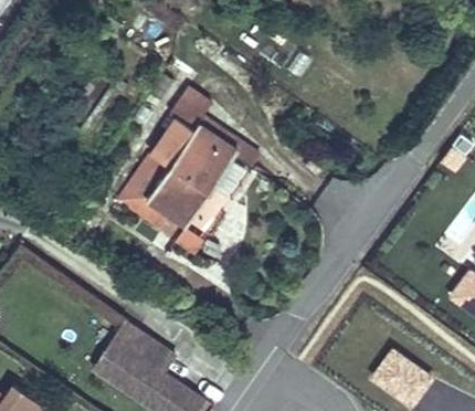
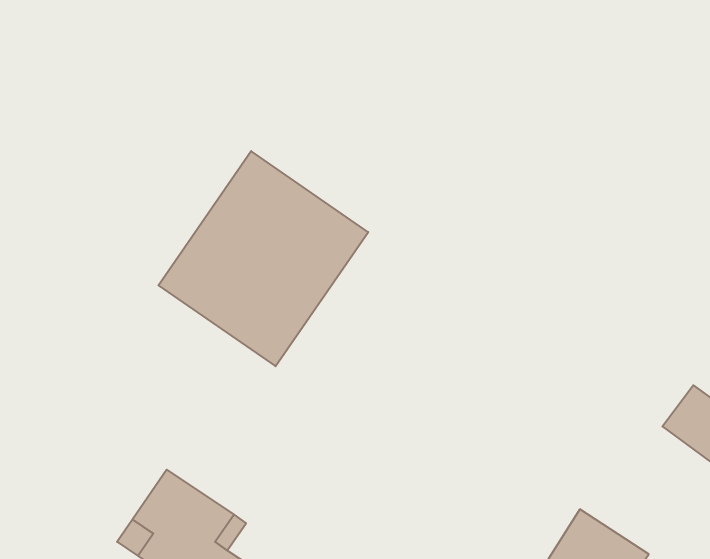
building: [171,85,262,168] -> none

